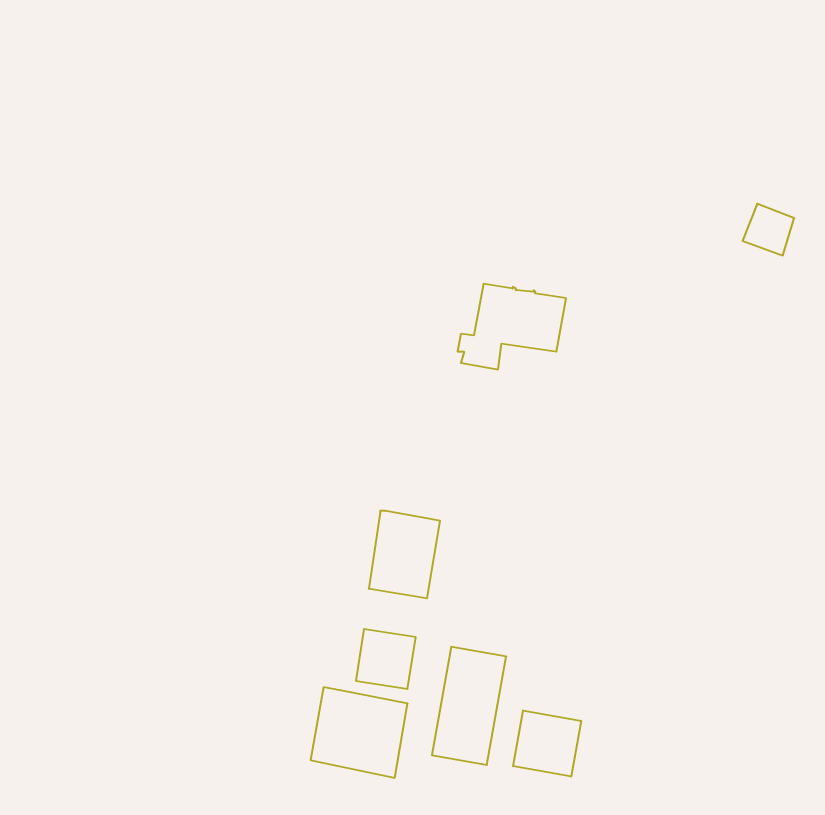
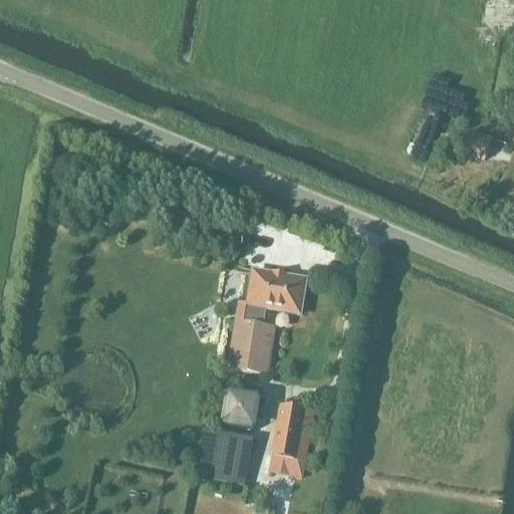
building: [458,284,566,369] -> [238,268,305,321]
building: [513,710,581,777] -> none

